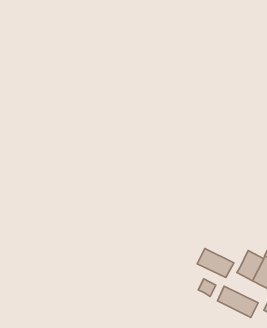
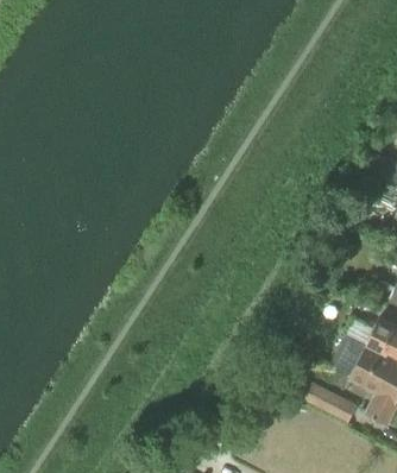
building: [197,248,234,277] -> none

